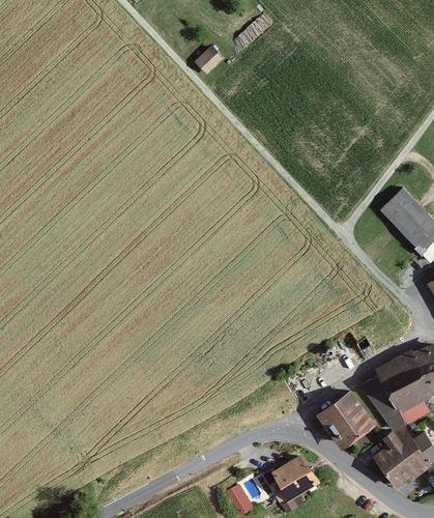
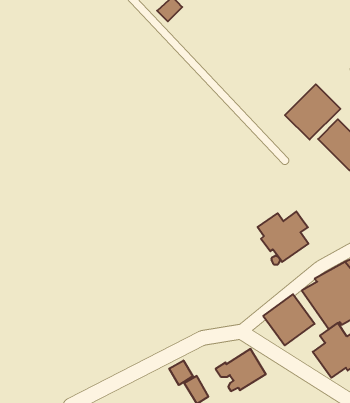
building: none -> [285,84,340,140]
building: none -> [258,211,308,262]
building: none -> [169,360,193,385]

